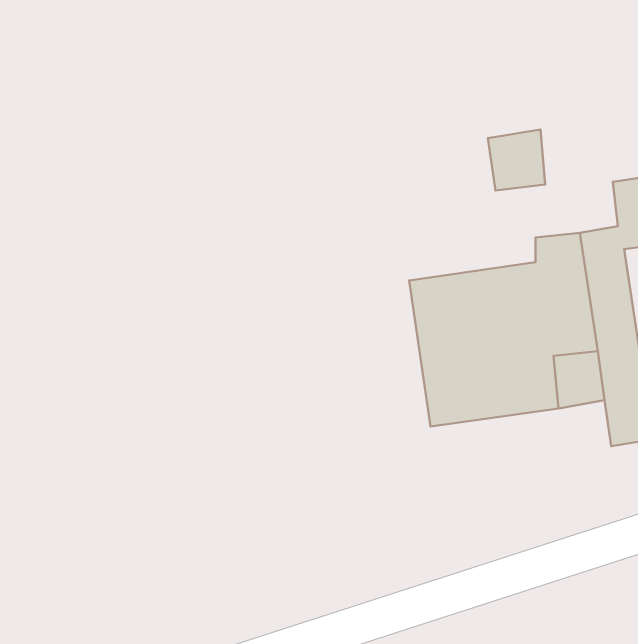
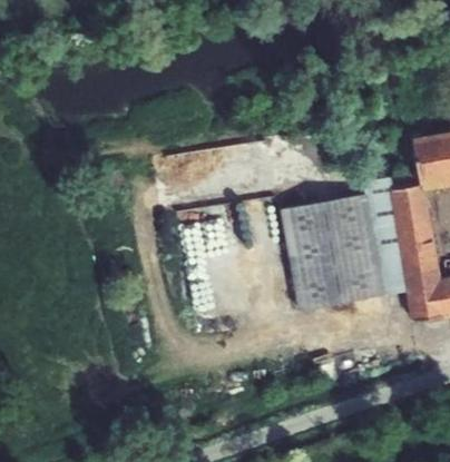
building: [488,129,545,191] -> none

